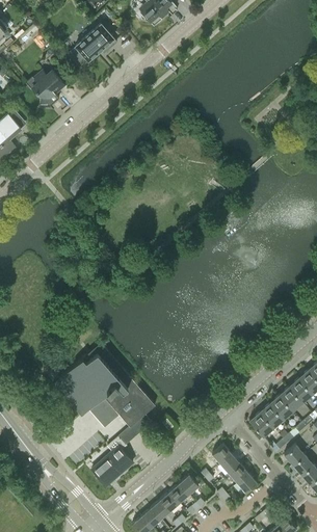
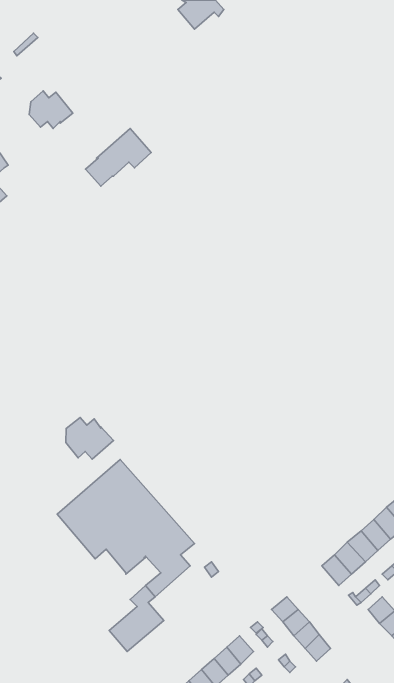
building: [68,25,116,68] -> [85,129,151,186]
building: none -> [66,417,113,459]

